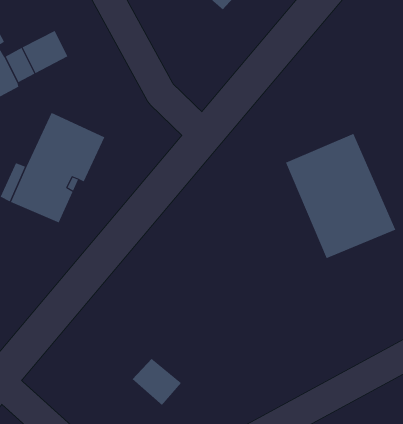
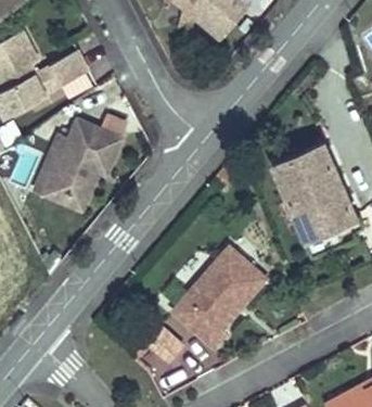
building: none -> [168,243,267,349]

